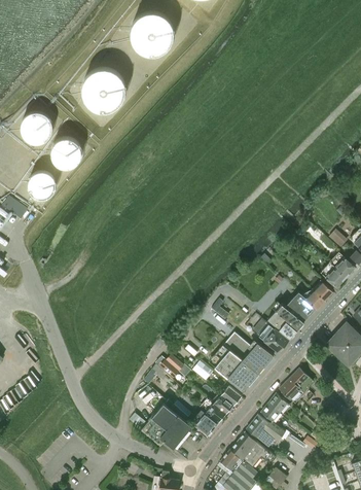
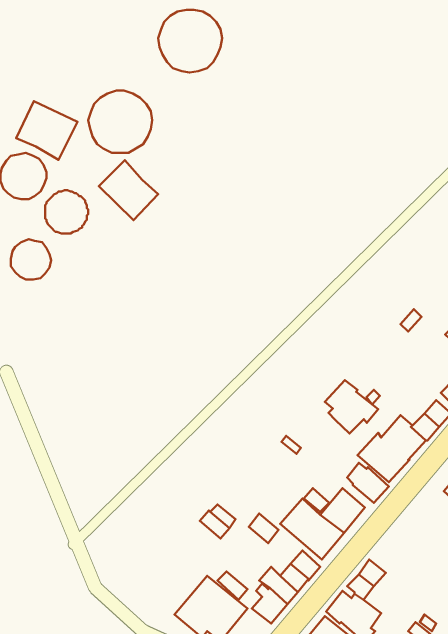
building: none -> [16,101,77,160]
building: none -> [99,160,158,220]
building: none -> [325,380,378,434]
building: [279,366,313,398] -> none

